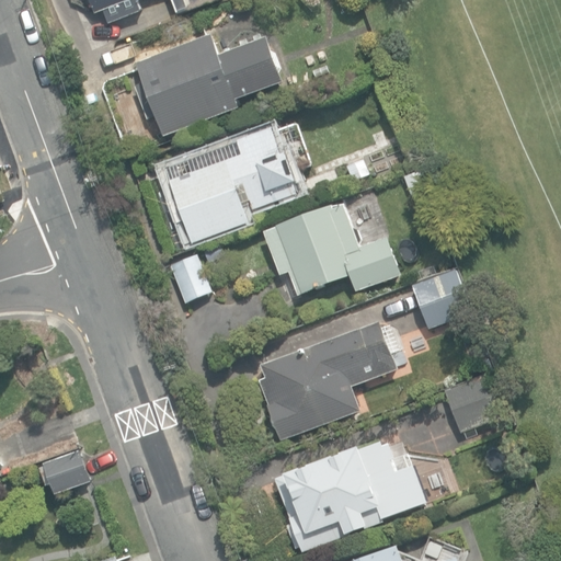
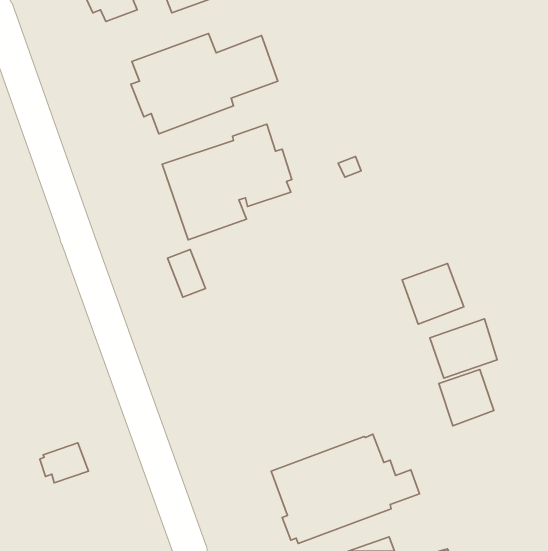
building: [263,204,400,295] -> none
building: [256,321,391,439] -> none
building: none -> [430,319,497,378]

